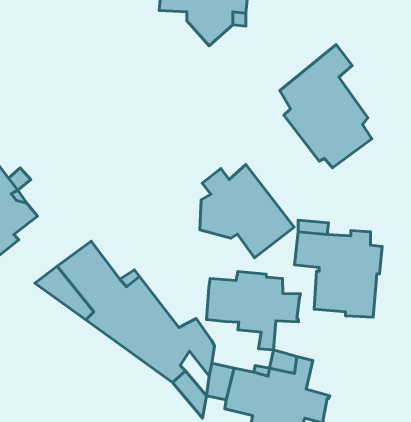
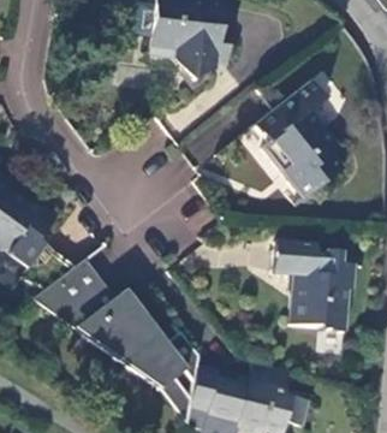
building: [200,165,294,258] -> none
building: [207,272,301,350] -> none

